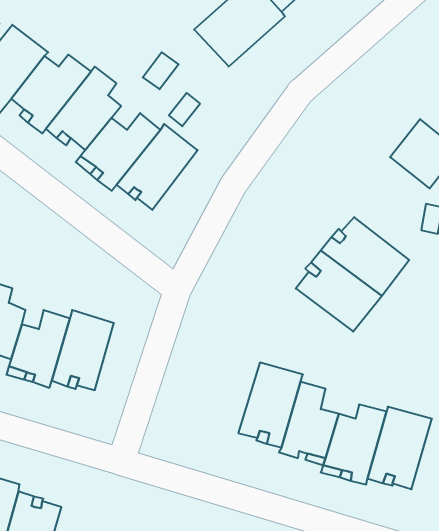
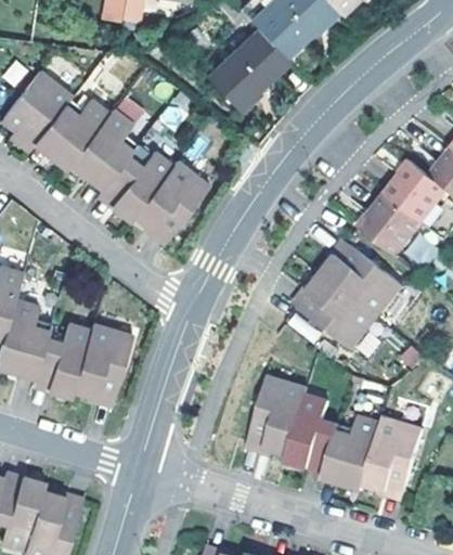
building: none -> [357,191,418,253]

